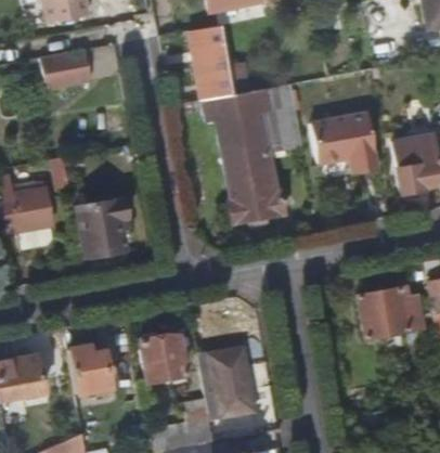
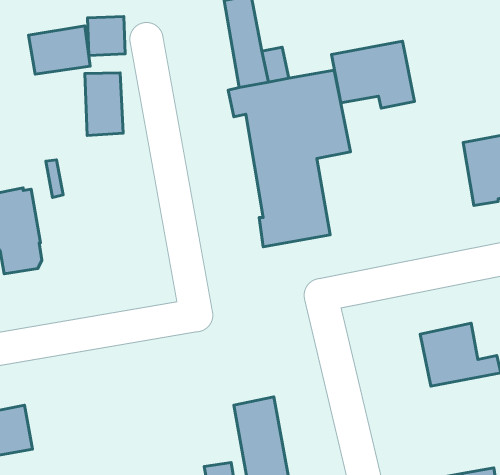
building: none -> [85,73,123,135]
building: [311,121,378,176] -> [331,41,415,108]
building: [78,200,131,253] -> none
building: [140,337,184,385] -> none
building: [68,348,113,397] -> none

